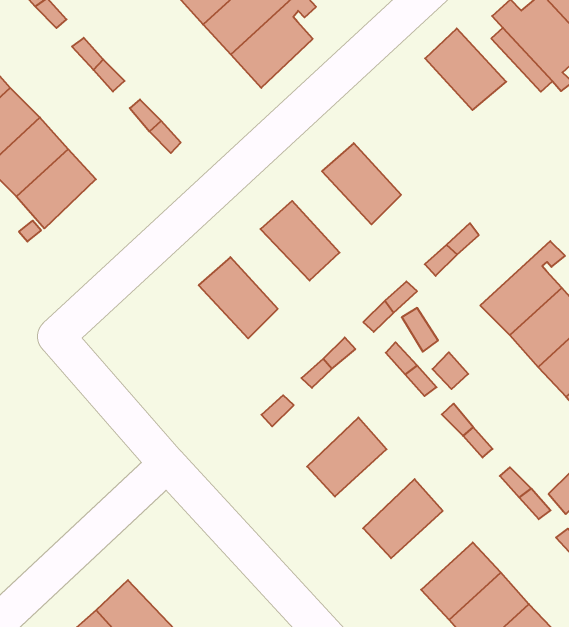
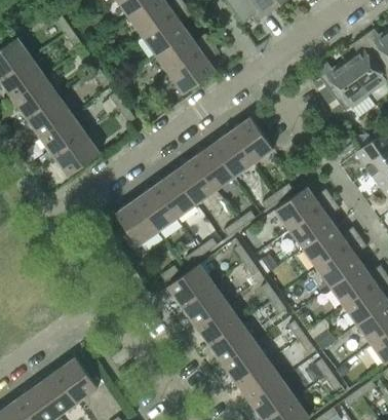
building: [425,28,506,110] -> [231,117,274,163]
building: none -> [193,145,235,191]
building: none -> [54,133,101,177]
building: none -> [275,187,333,230]
building: none -> [155,173,197,218]
building: none -> [116,199,159,246]
building: none -> [168,264,215,307]
building: none -> [196,303,241,345]
building: none -> [223,341,269,383]

